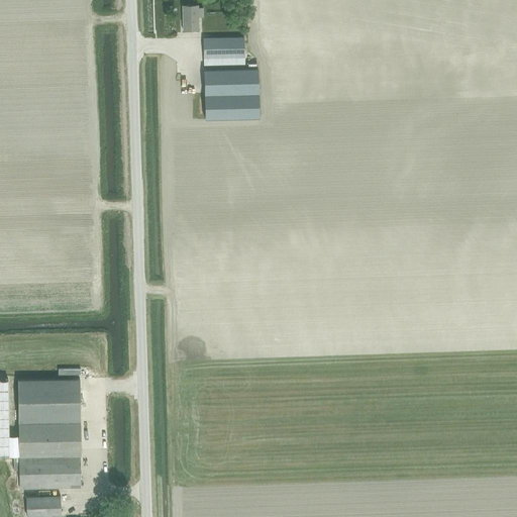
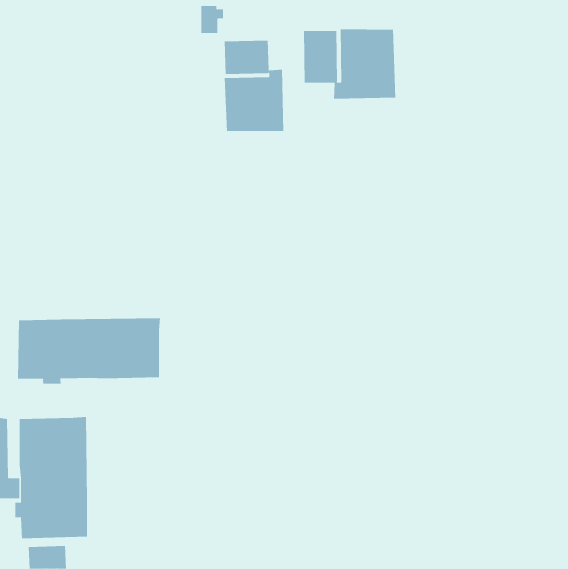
building: none -> [303,29,396,99]
building: none -> [18,318,160,385]

